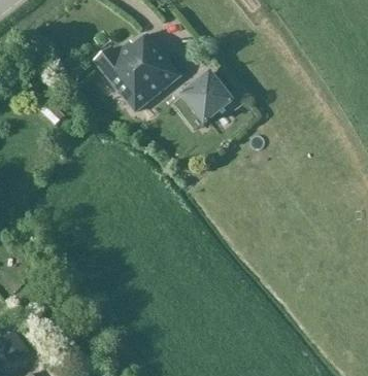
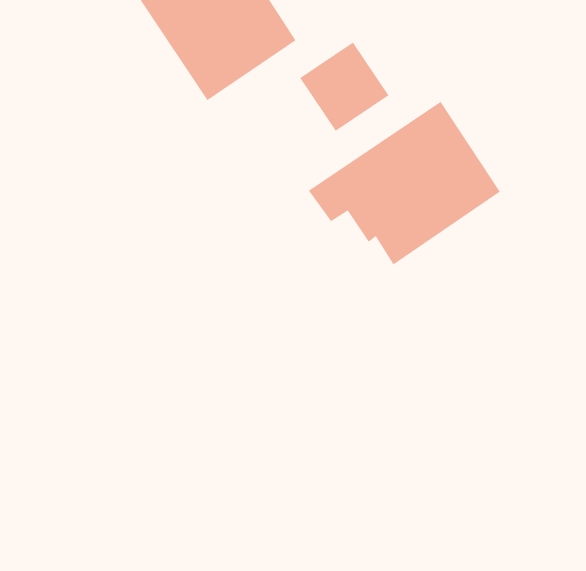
building: none -> [308,101,501,266]

